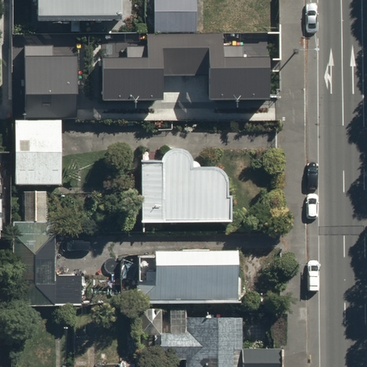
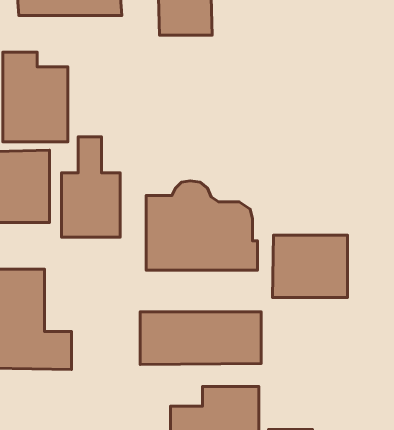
building: [104,33,270,98] -> none
building: none -> [62,137,120,237]
building: none -> [272,235,348,298]

